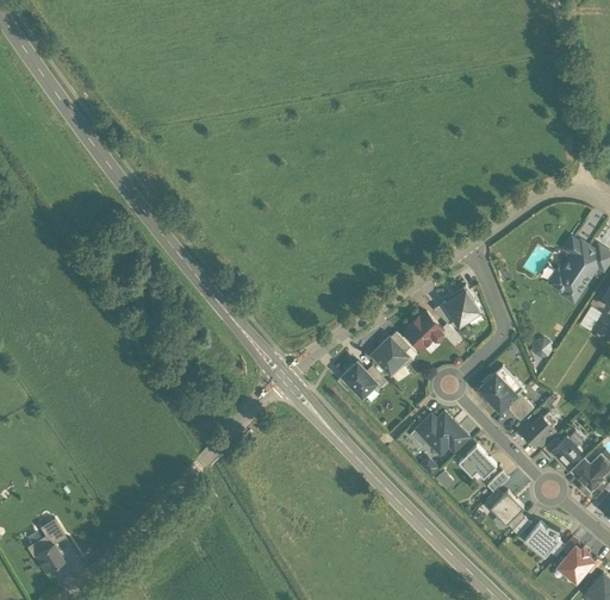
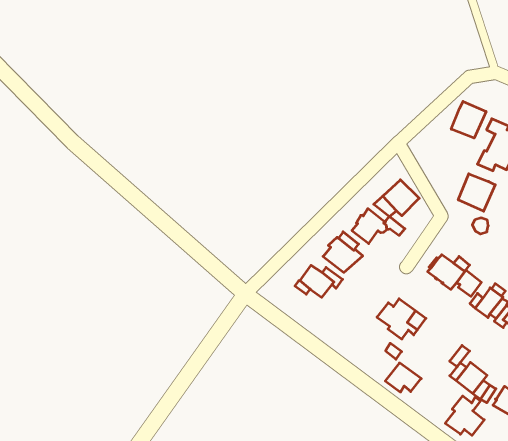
building: none -> [451,101,486,138]
building: none -> [458,174,495,211]
building: [458,445,496,477] -> [385,363,421,392]
building: none -> [445,396,484,435]

